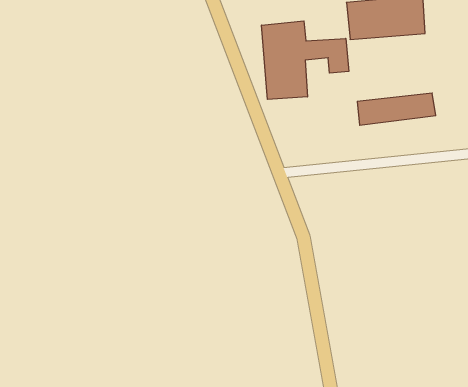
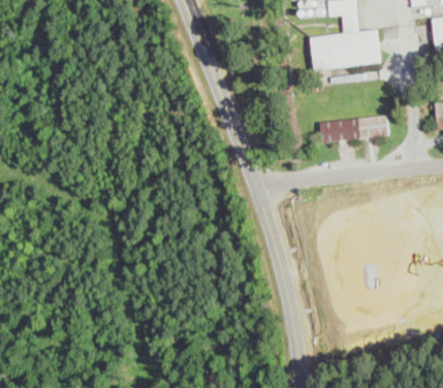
building: [262,21,349,99] -> none

